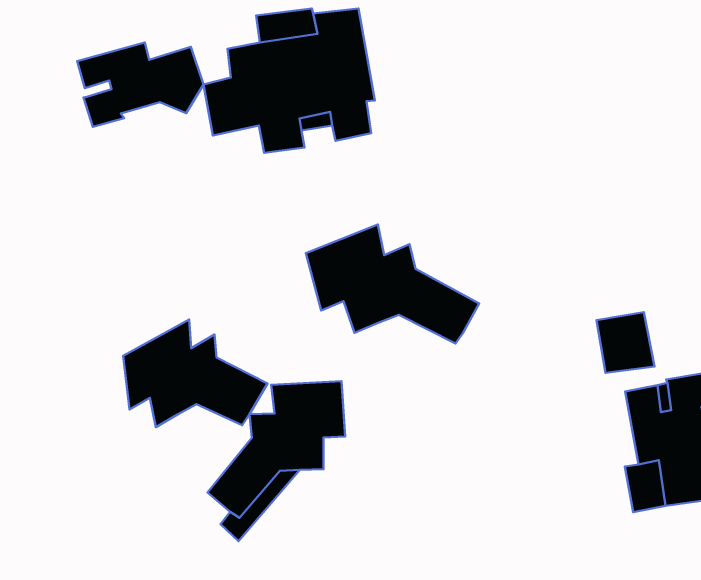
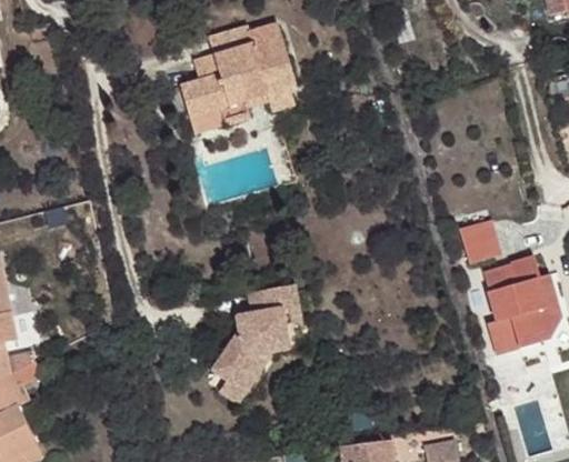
building: [77,43,204,127] -> none
building: [306,225,479,344] -> none
building: [123,320,267,427] -> none

